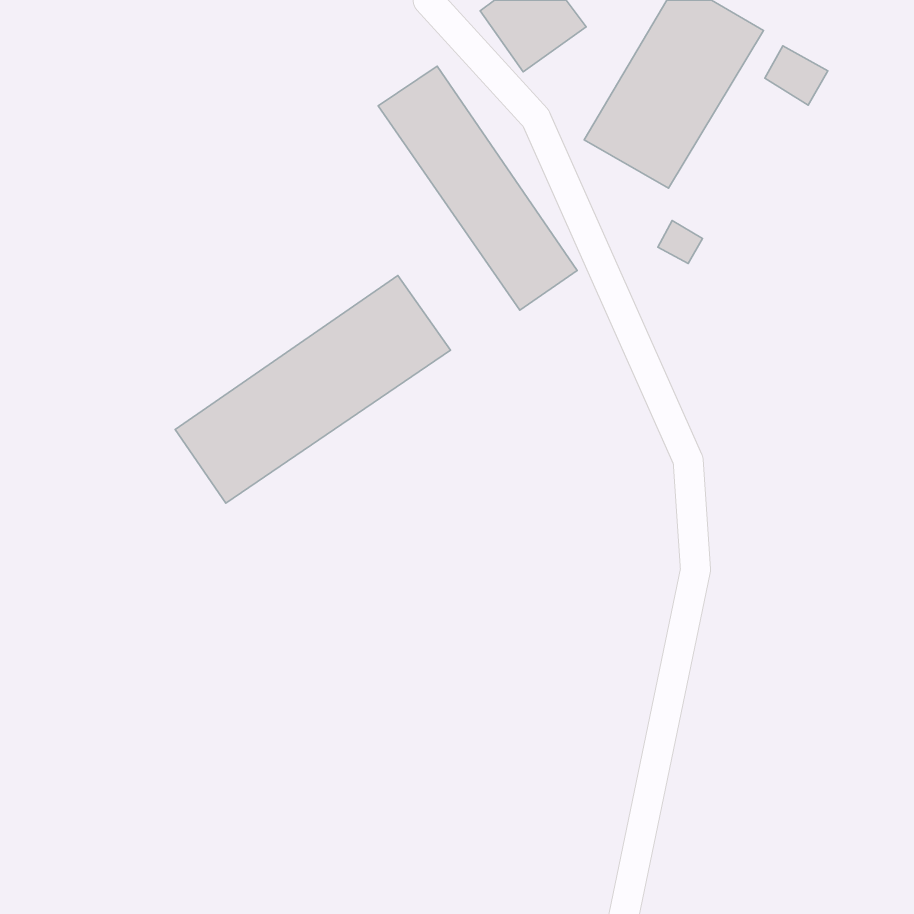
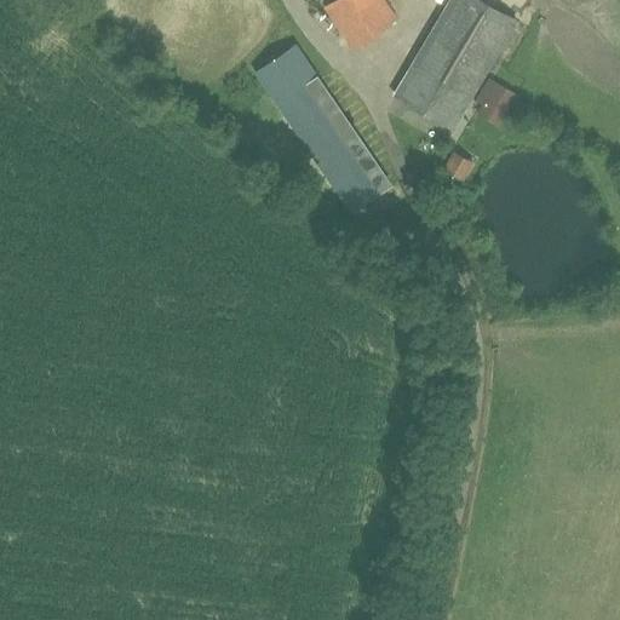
building: [765,46,828,105] -> [475,79,517,119]
building: [175,275,450,503] -> none

